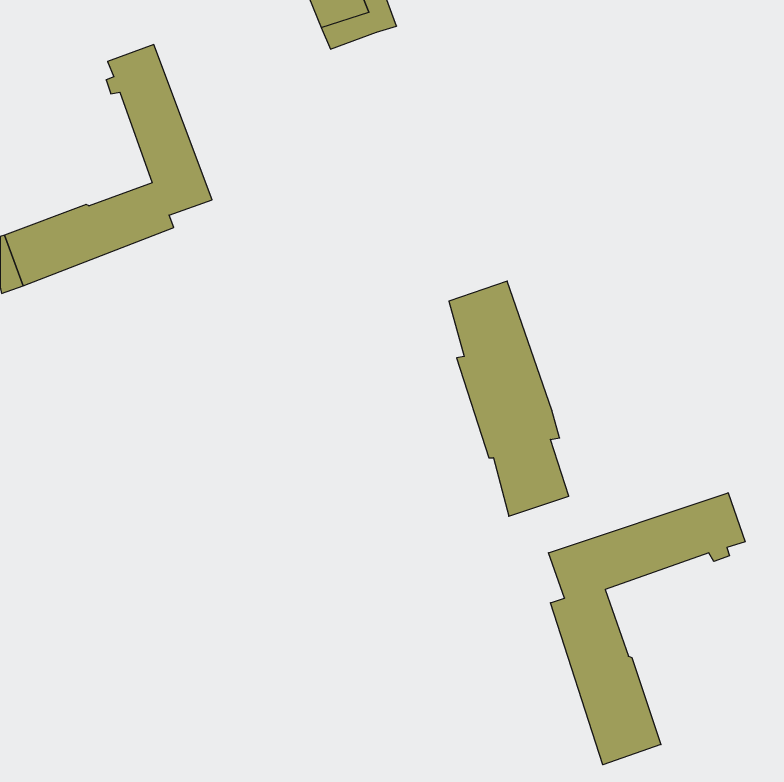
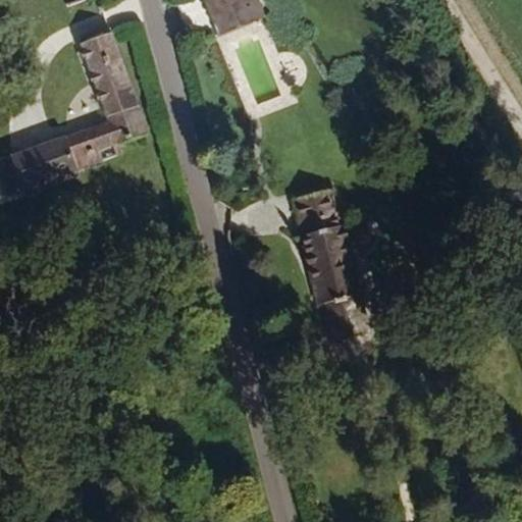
building: [548,493,745,765] -> none

